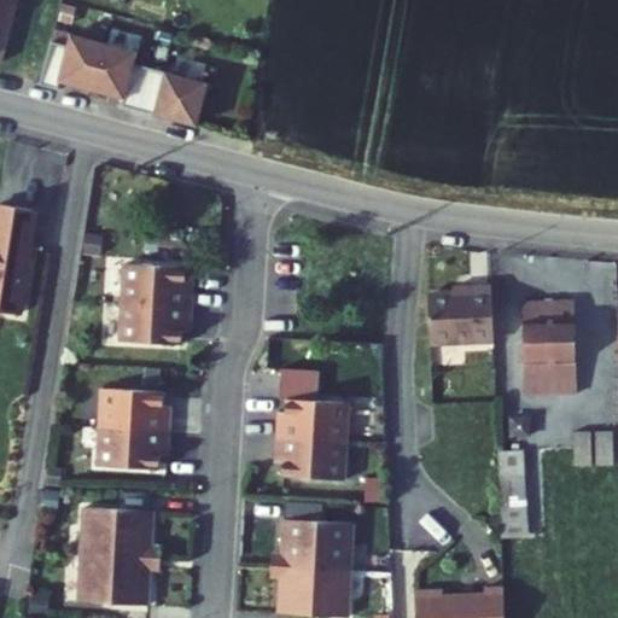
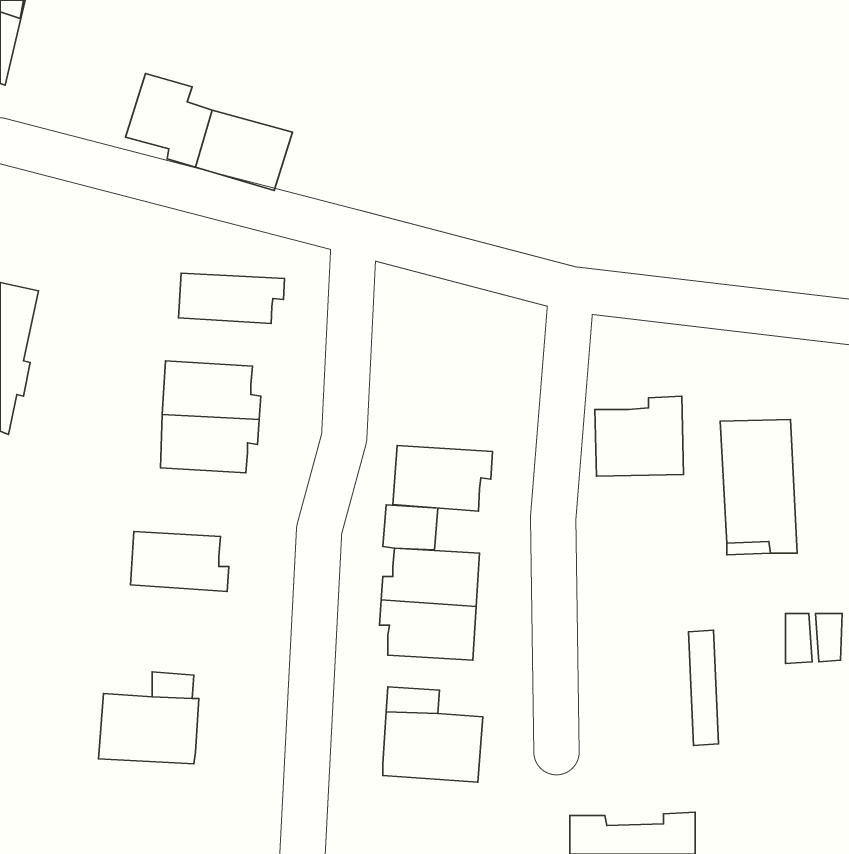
building: [42,43,109,99] -> none
building: none -> [179,273,285,324]
building: none -> [393,445,493,511]
building: [95,422,168,465] -> none
building: [72,548,144,599] -> none
building: [278,560,349,612] -> none

